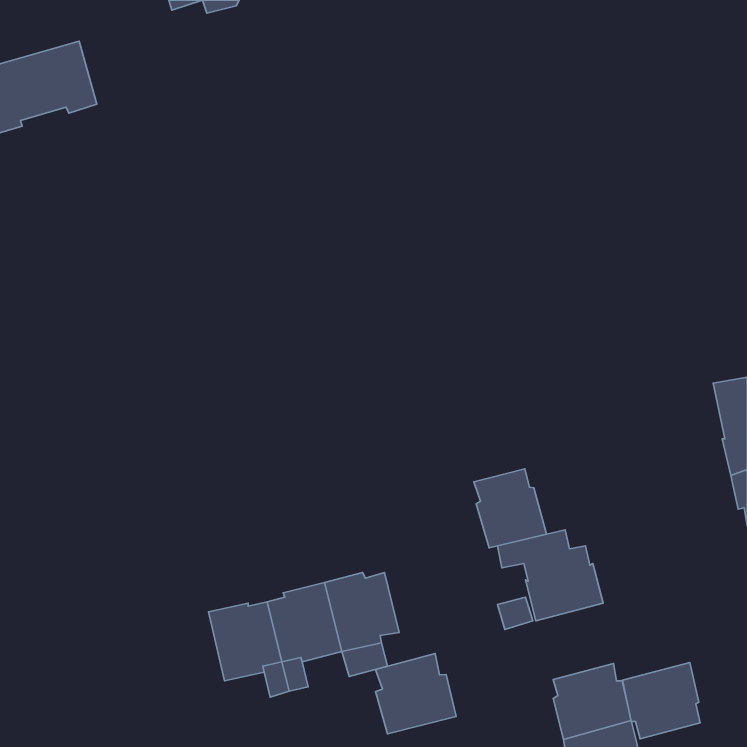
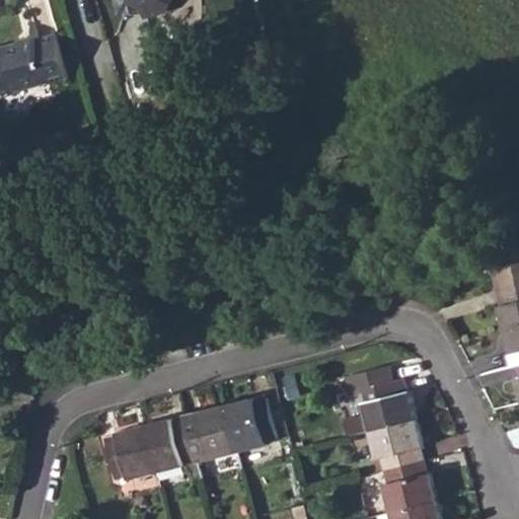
building: [474,469,547,548] -> none
building: none -> [103,425,155,479]
building: [375,654,456,734] -> none
building: [622,663,700,739] -> [370,419,424,471]

